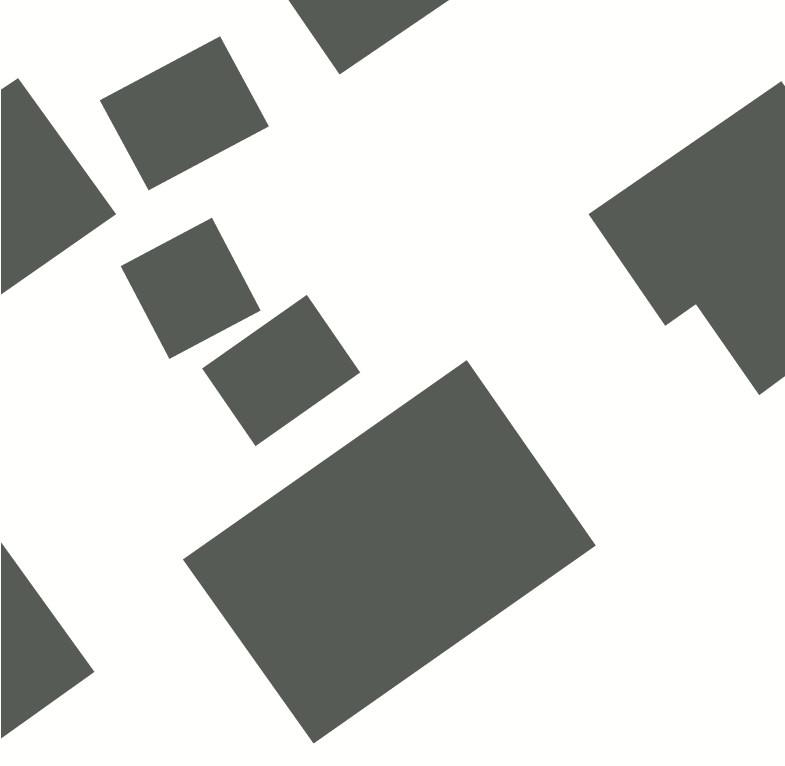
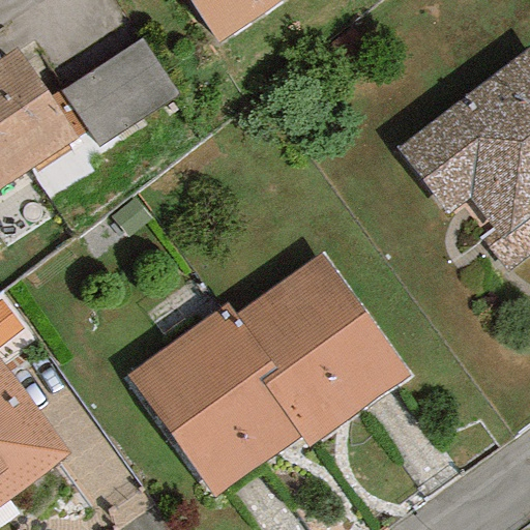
building: [120,217,261,360] -> none
building: [201,294,361,447] -> none

